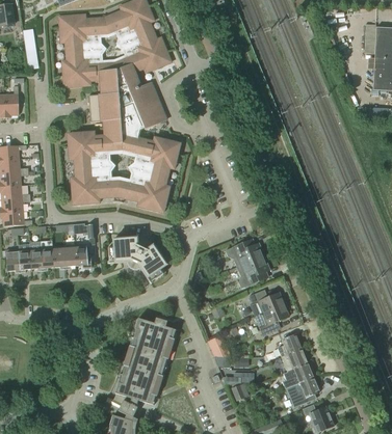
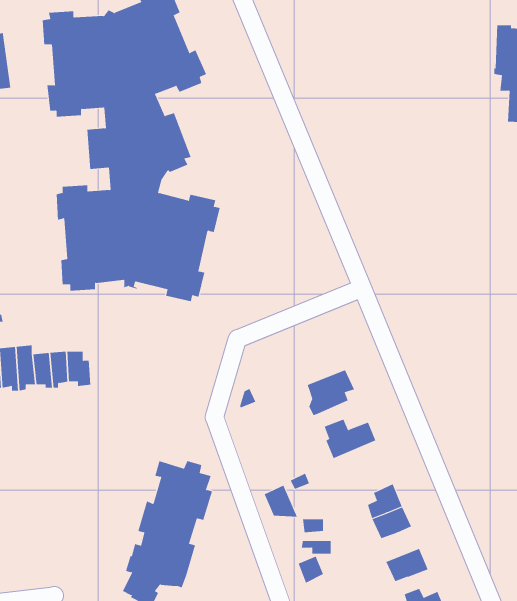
building: [107,236,166,282] -> none
building: [225,239,263,267] -> none
building: [255,304,288,335] -> none
building: [282,362,313,388] -> none

